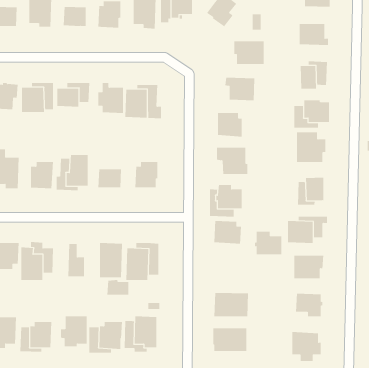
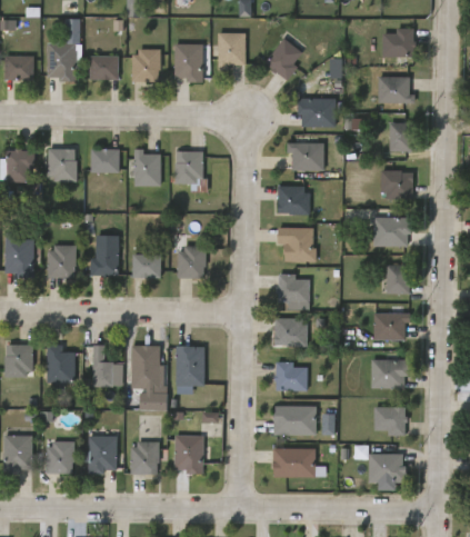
building: [254,231,282,255] -> [273,361,308,390]

